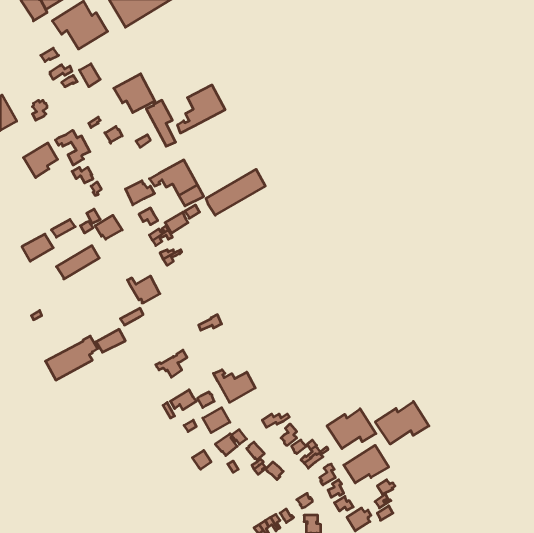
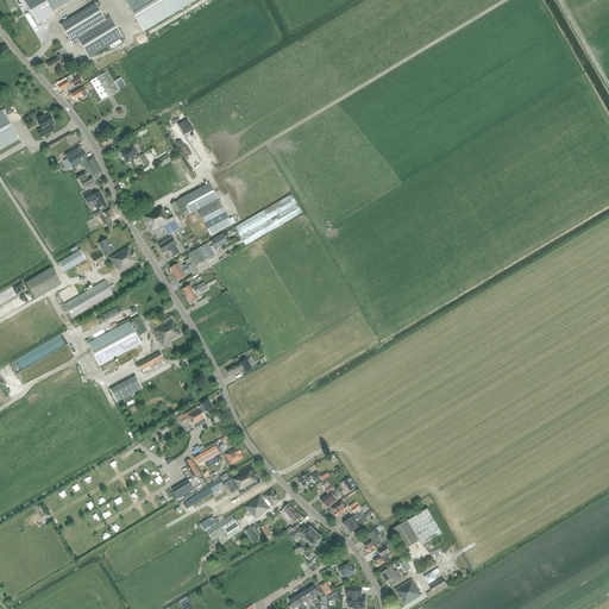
building: [114,74,155,113] -> none
building: [178,85,225,133] -> none
building: [23,143,58,178] -> none
building: [45,336,98,380] -> [88,315,147,365]
building: [213,370,255,402] -> none
building: [375,401,429,444] -> none
building: [327,409,376,449] -> none

